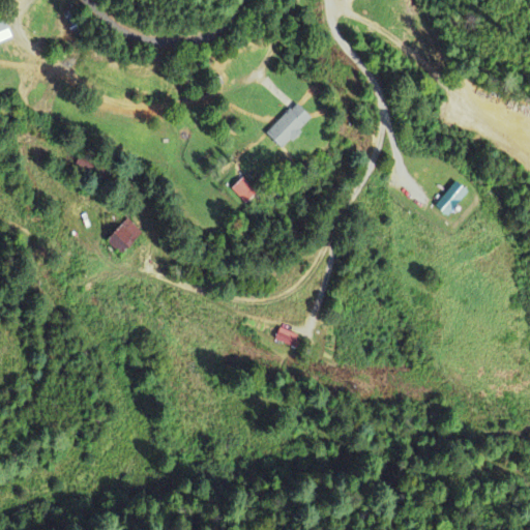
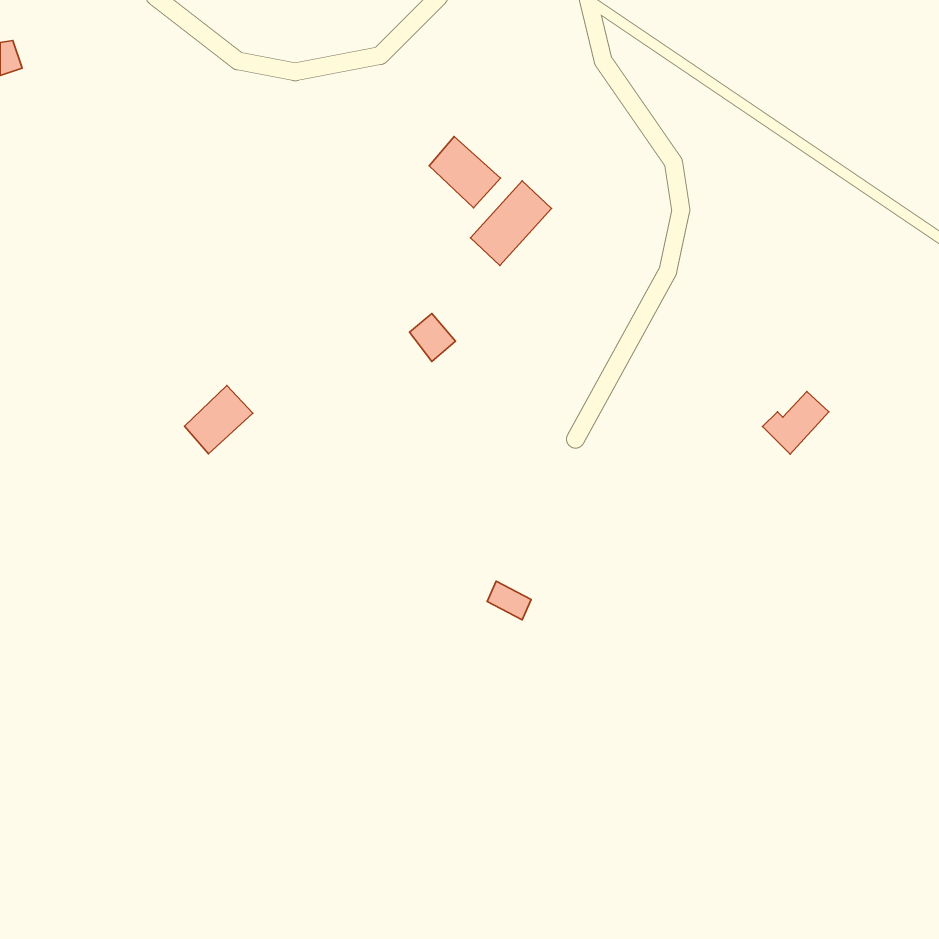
building: none -> [429,137,500,208]
building: [432,180,469,215] -> [763,391,829,454]

